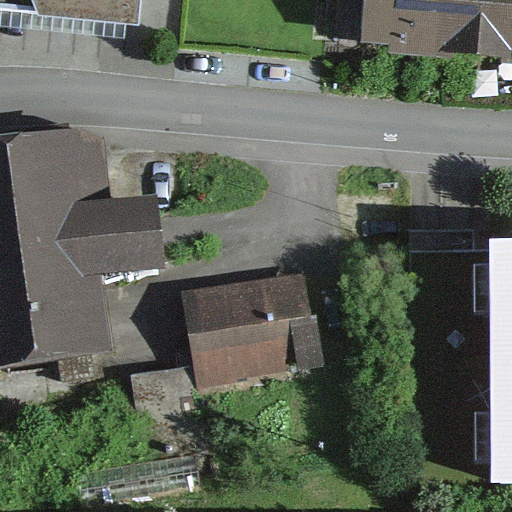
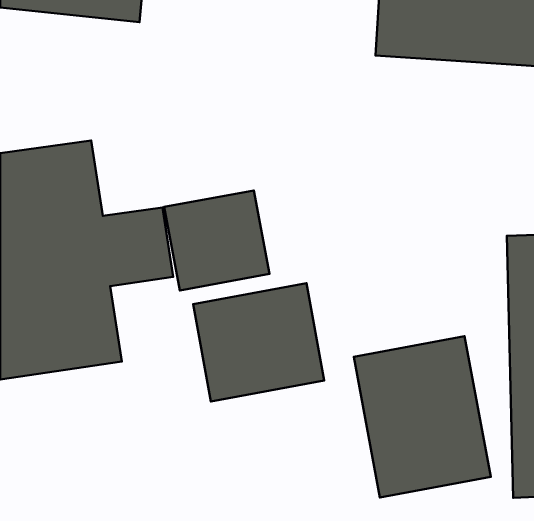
building: none -> [164,190,270,290]
building: none -> [354,336,491,498]

